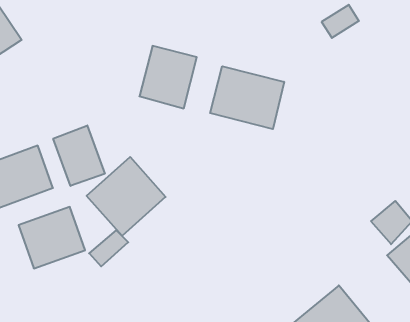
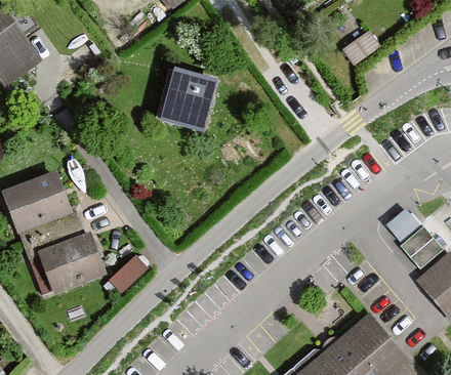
building: [210,66,284,129] -> none
building: [53,125,105,186] -> none
building: [87,157,166,236] -> none

